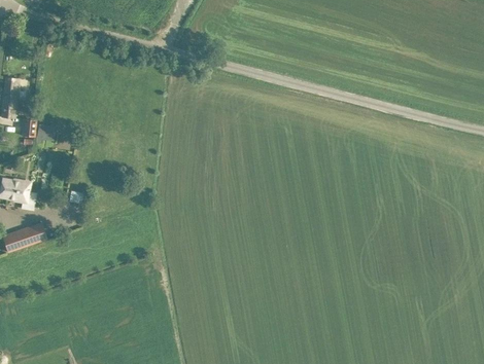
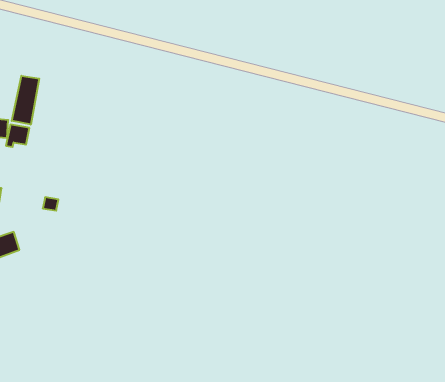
building: none -> [12,76,39,125]

